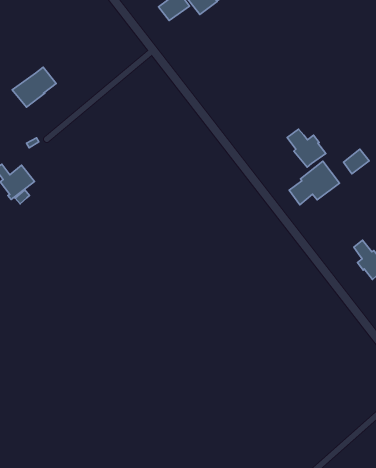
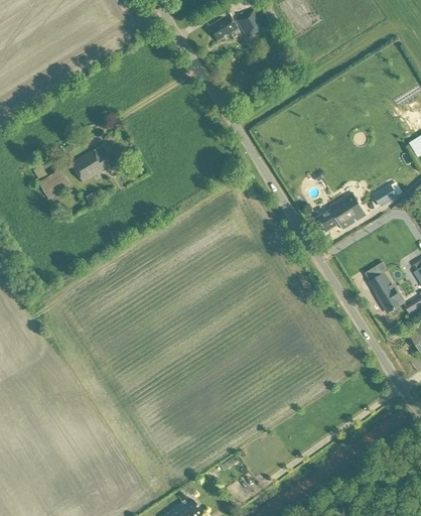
building: [12,67,56,107] -> [71,145,114,182]
building: [287,129,326,167] -> none

